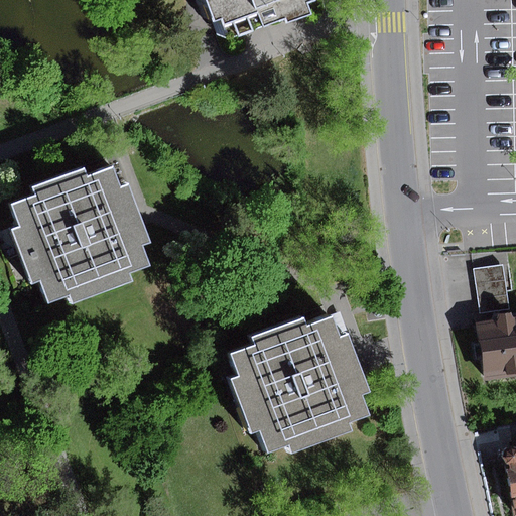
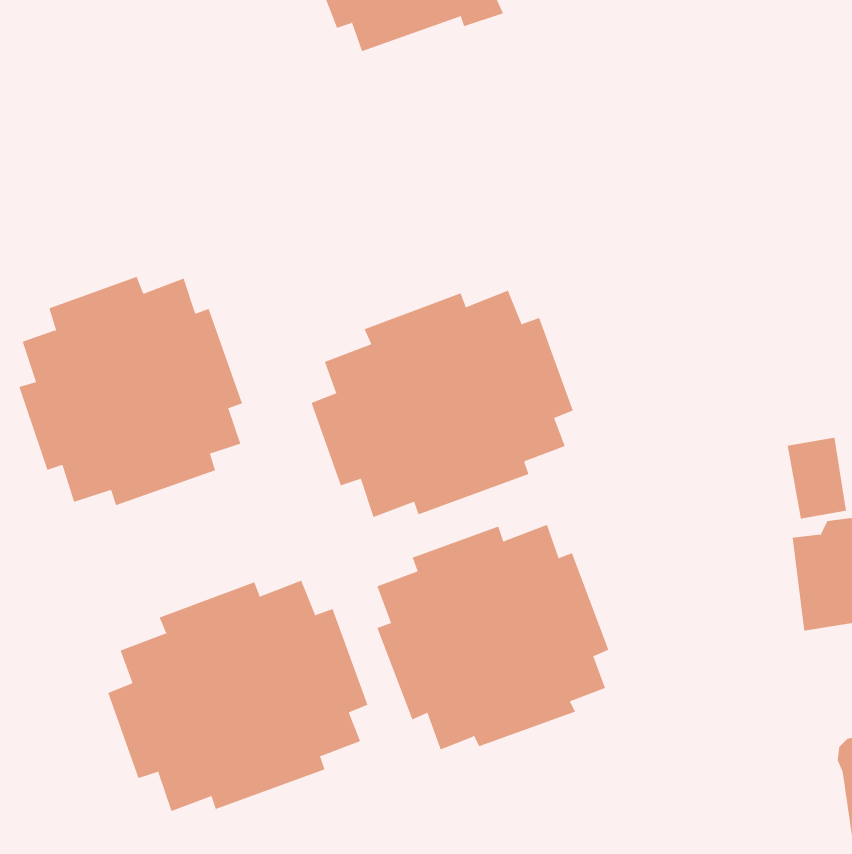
building: none -> [311,290,574,518]
building: none -> [107,580,368,812]

